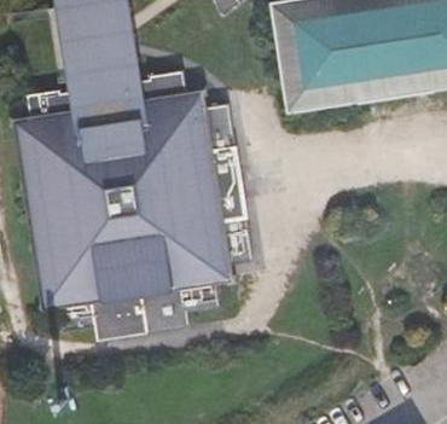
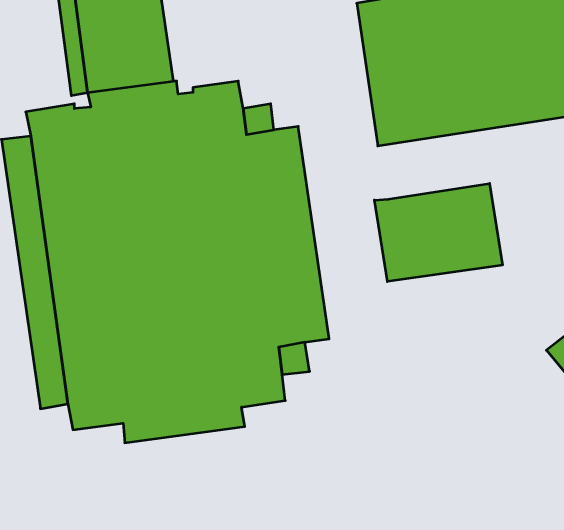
building: none -> [374,183,502,282]

